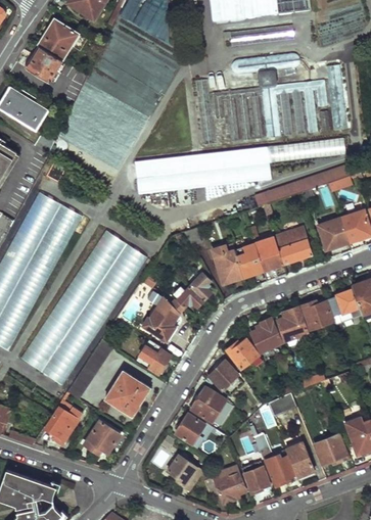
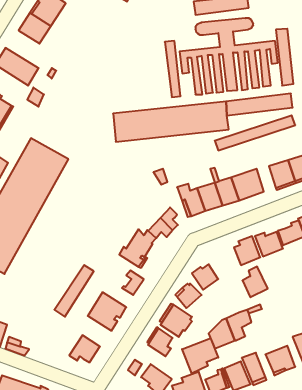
building: [19,231,148,386] -> none
building: [251,316,281,351] -> [242,267,268,297]
building: [48,400,81,440] -> none
building: none -> [182,338,218,374]

